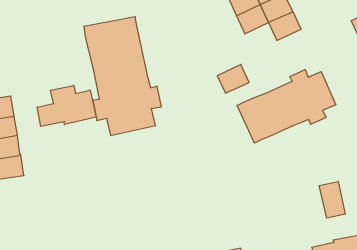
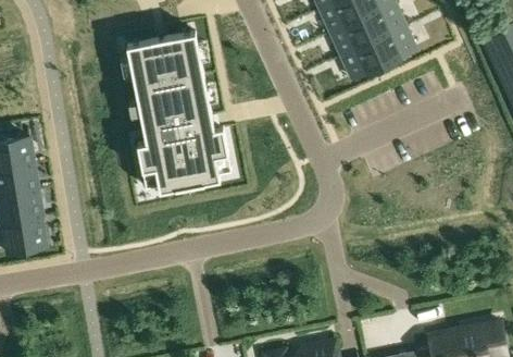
building: [217,64,249,93] -> [340,39,383,77]
building: [237,70,336,143] -> none
building: [37,85,96,126] -> none
building: [319,181,345,218] -> none

